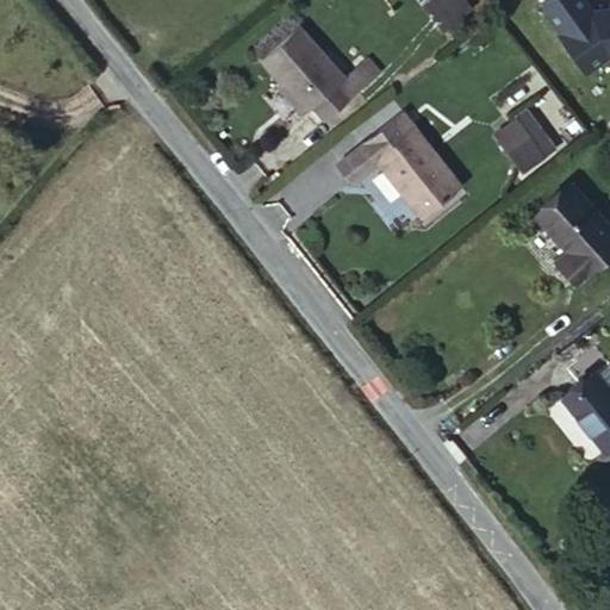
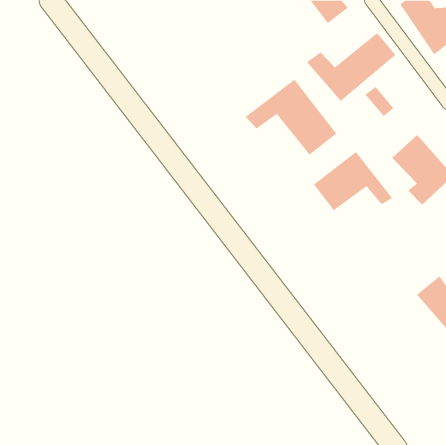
building: [260,24,362,114] -> none
building: none -> [306,32,396,102]
building: none -> [313,151,393,211]

